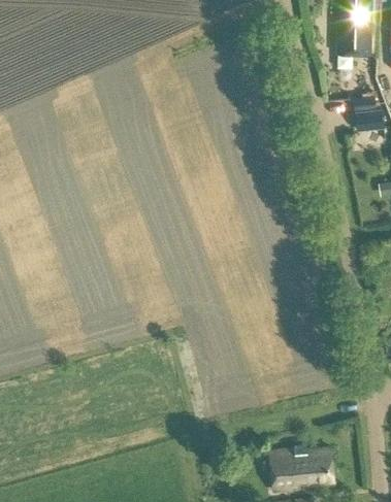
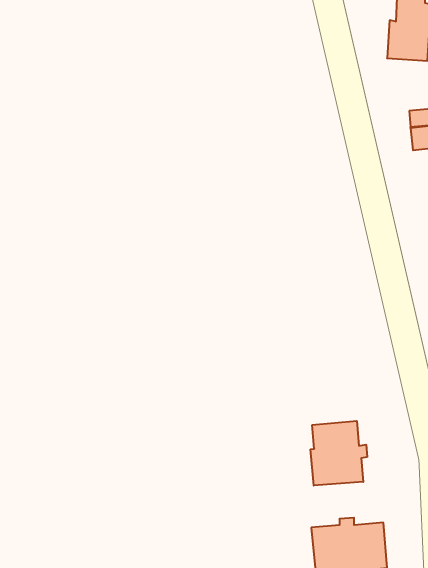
building: none -> [311,421,367,486]

